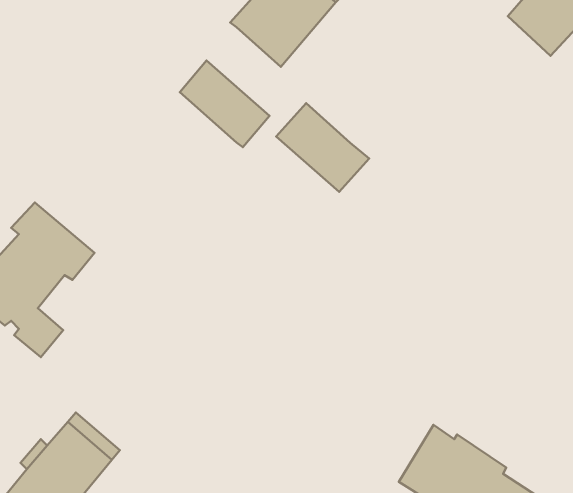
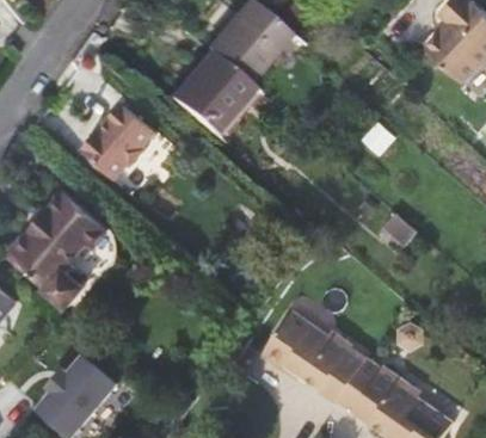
building: none -> [87,109,158,183]
building: [276,103,369,192] -> [190,56,260,123]
building: none -> [256,311,362,402]

